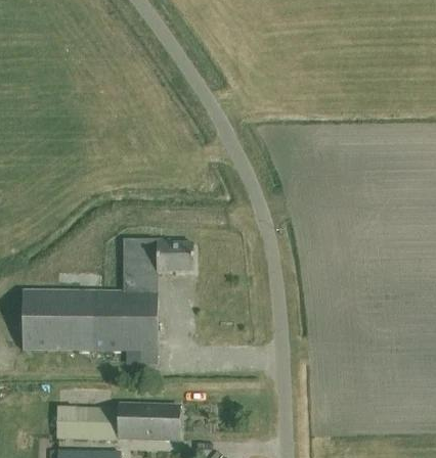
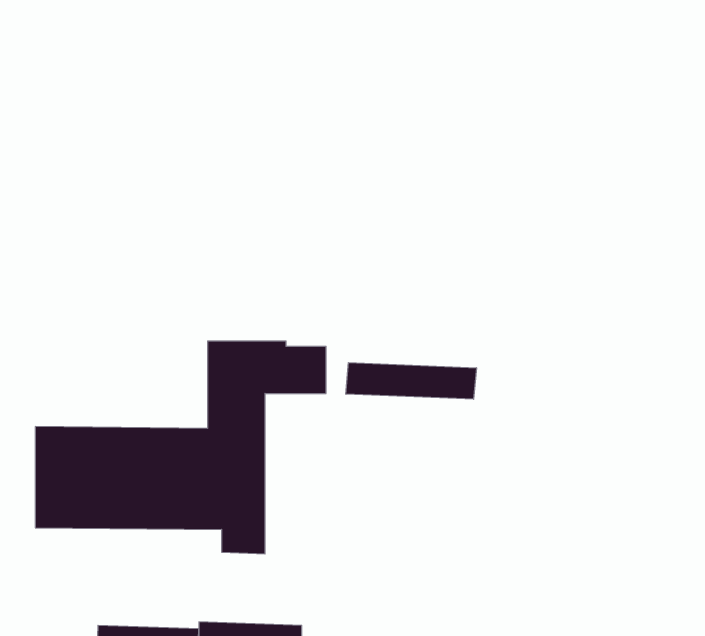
building: none -> [346,363,476,399]

